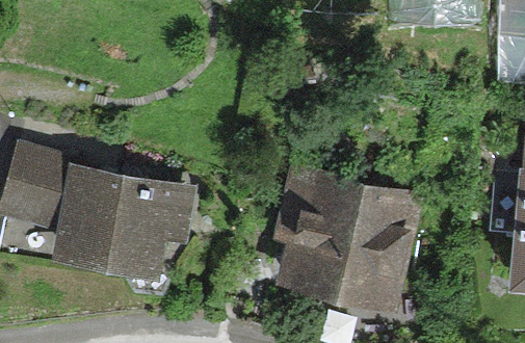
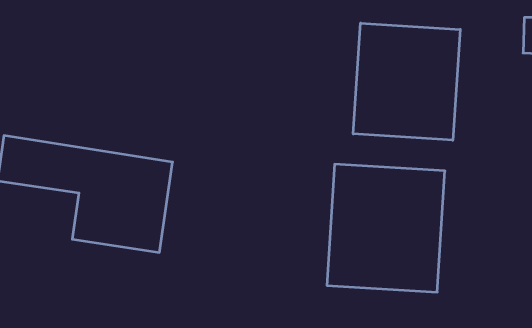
building: none -> [353,23,460,140]

